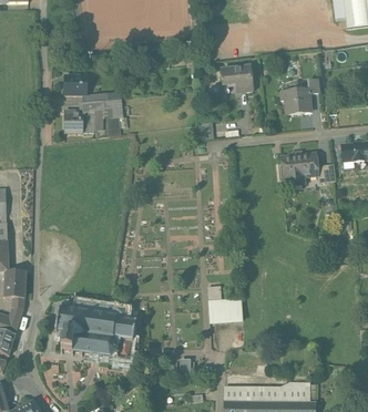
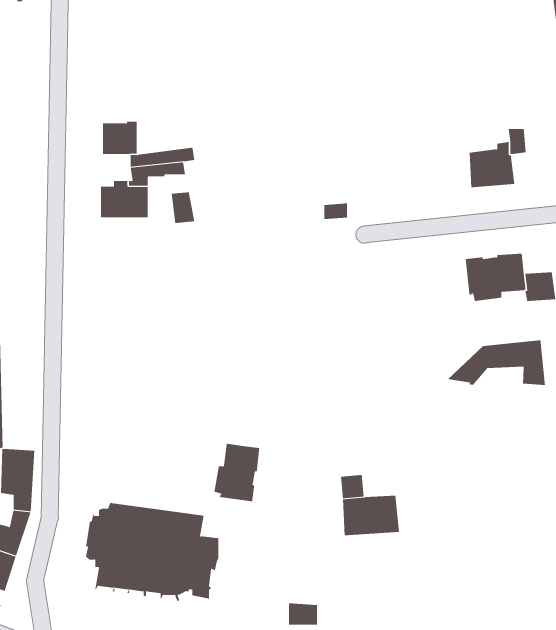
building: [221,65,252,90] -> none
building: none -> [447,340,545,386]
building: none -> [214,443,260,502]

